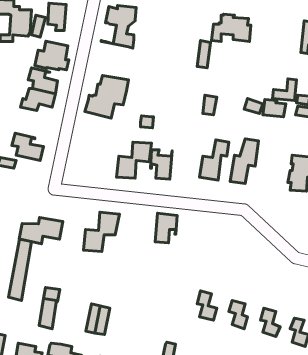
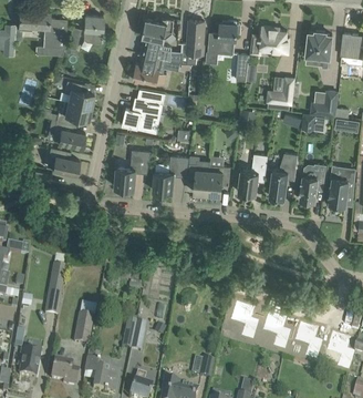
building: none -> [180,19,204,63]
building: none -> [208,19,240,52]
building: none -> [305,29,331,67]
building: [35,41,69,70] -> [132,53,166,82]
building: none -> [266,75,294,103]
building: none -> [51,119,84,145]
building: none -> [299,162,324,201]
building: [83,212,119,251] -> [114,147,151,187]
building: [155,213,177,243] -> [207,163,229,193]
building: [19,217,63,244] -> none

